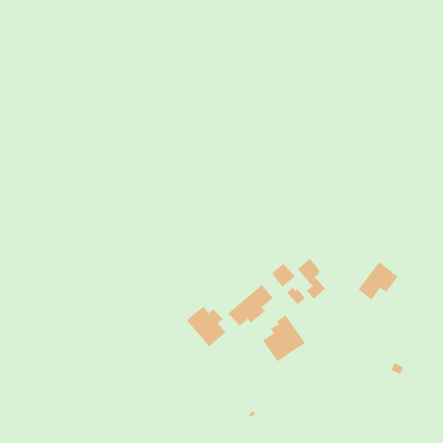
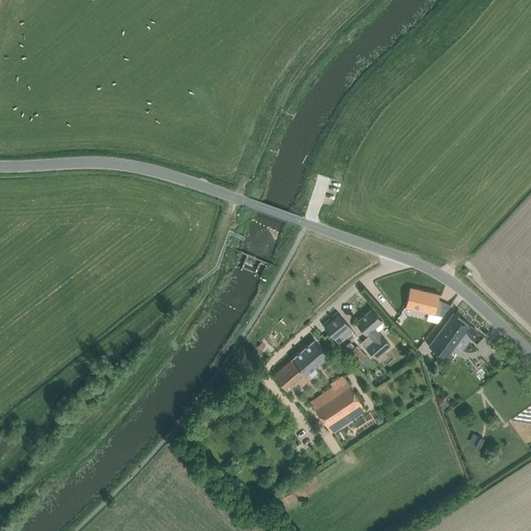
building: none -> [404,288,449,316]
building: [186,306,226,347] -> none

